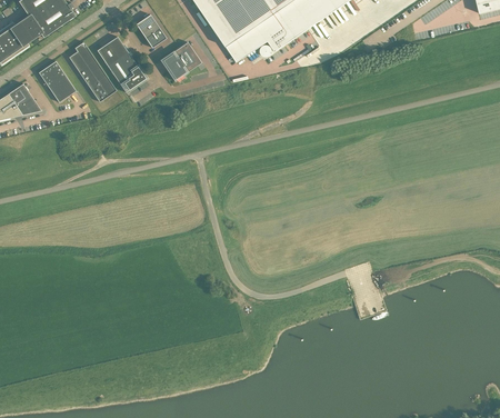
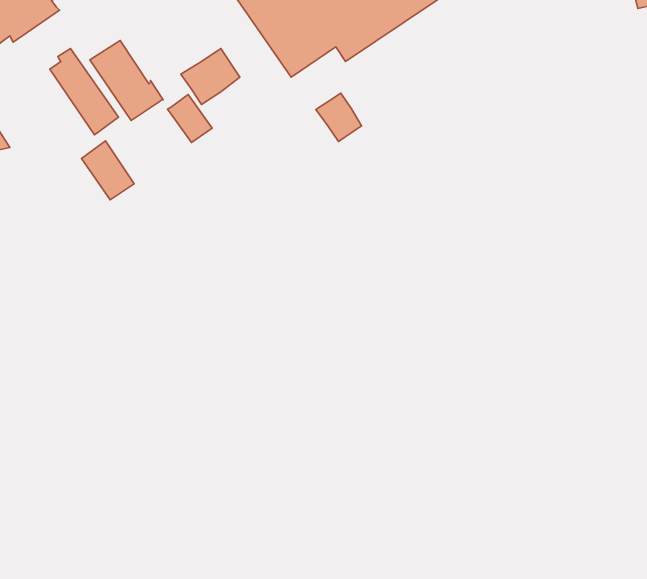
building: [134,14,166,48] -> [167,95,212,143]
building: [38,61,74,102] -> [81,141,134,200]
building: none -> [316,93,362,141]

